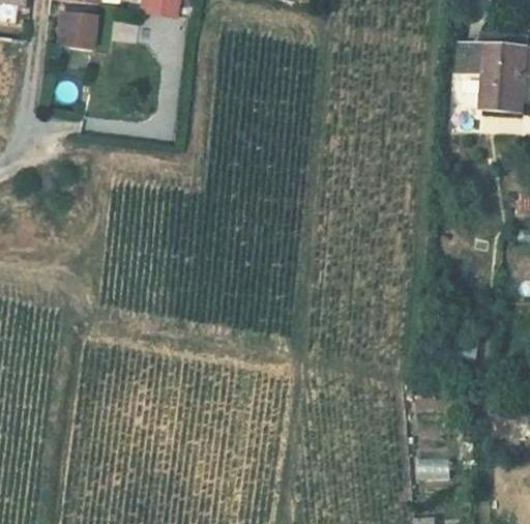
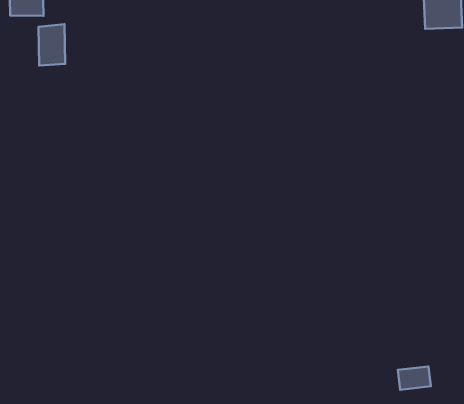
building: none -> [39,24,65,65]

